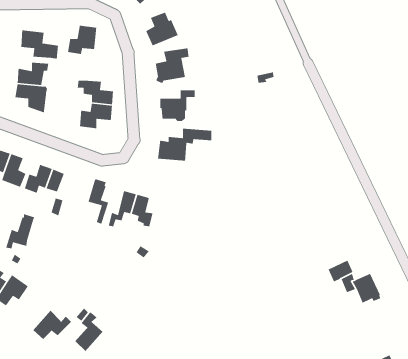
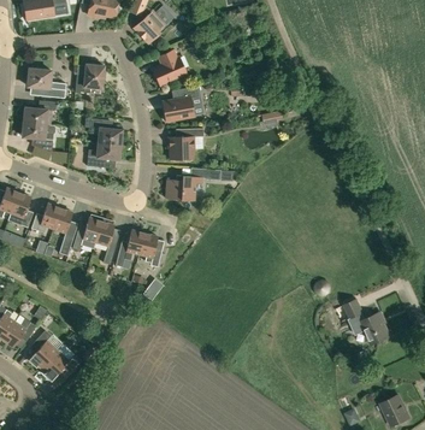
building: [5,213,35,249] -> [72,214,102,251]
building: [75,311,103,352] -> [29,330,58,371]

